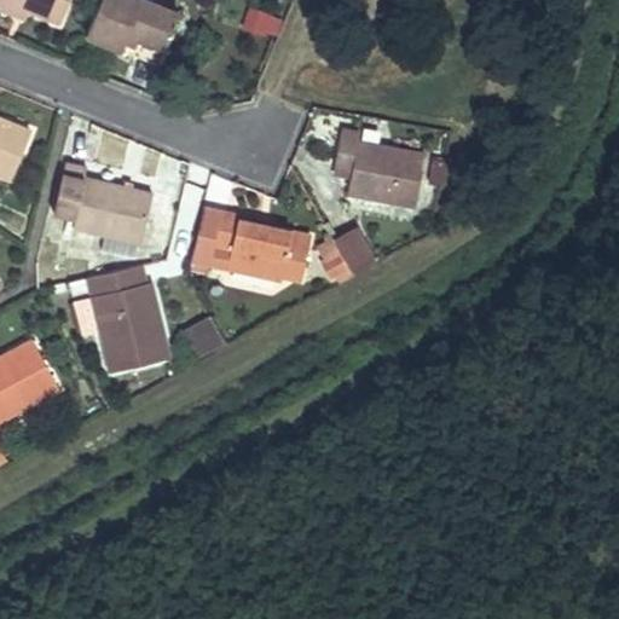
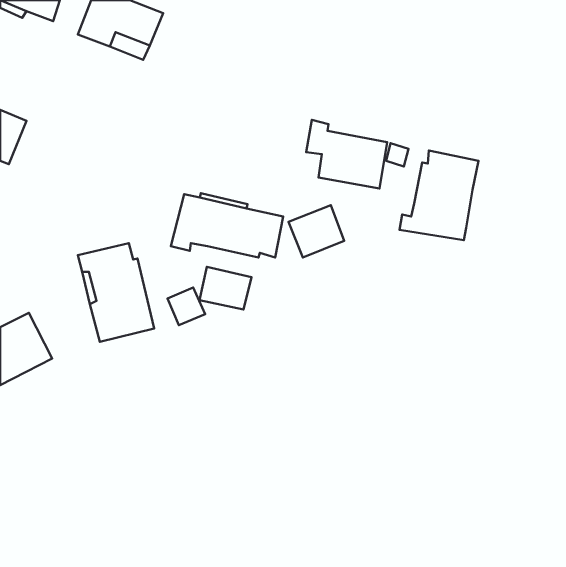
building: [52,163,154,245] -> none
building: none -> [400,151,478,240]
building: none -> [199,267,251,310]

